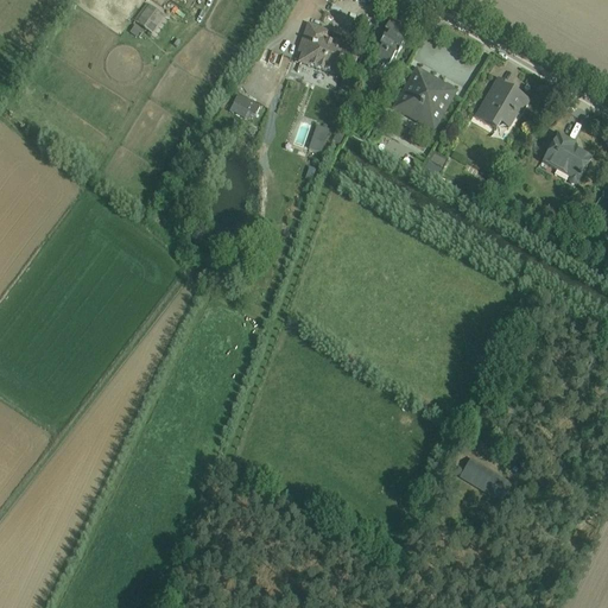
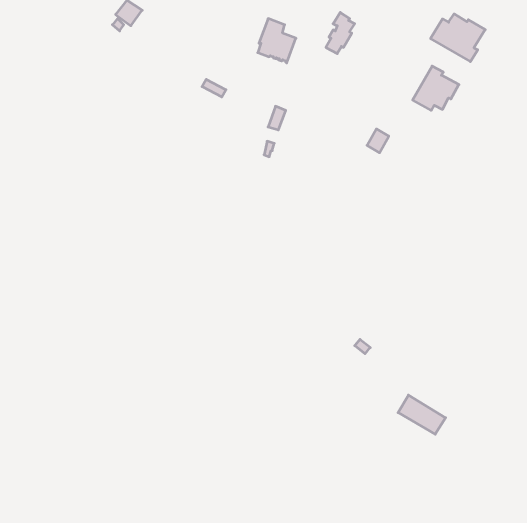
building: none -> [431,14,485,62]
building: [392,64,457,129] -> none
building: [543,133,590,183] -> none

